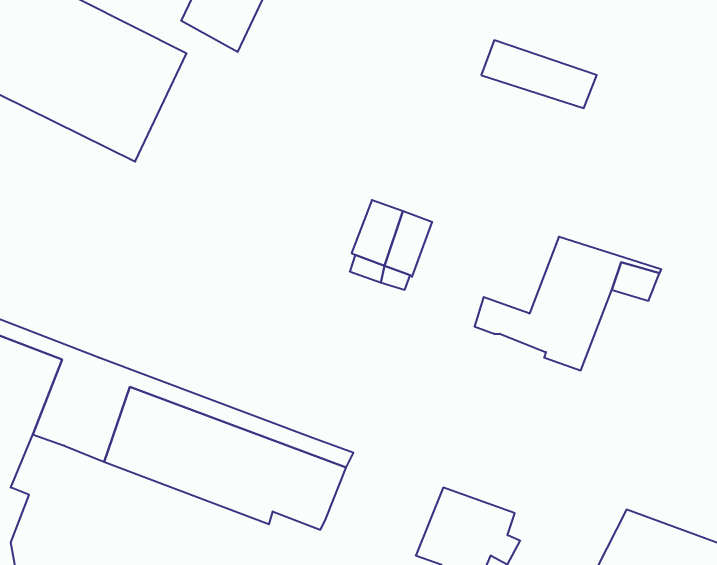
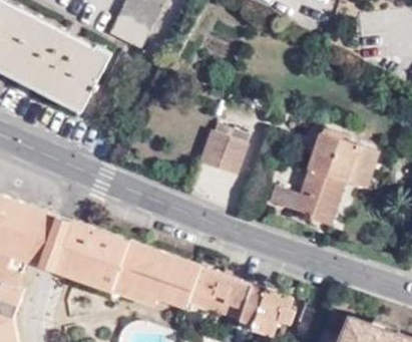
building: [481,40,597,108] -> [314,131,377,168]
building: none -> [186,269,251,325]

